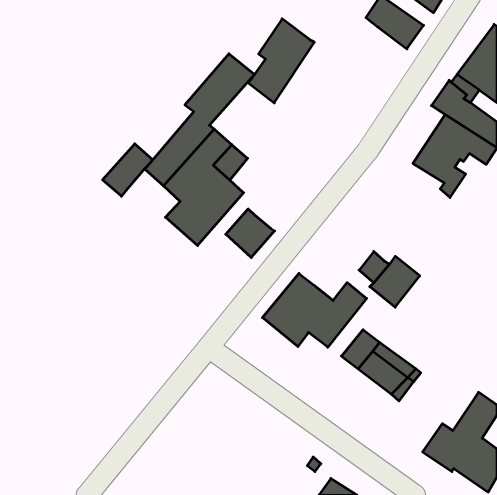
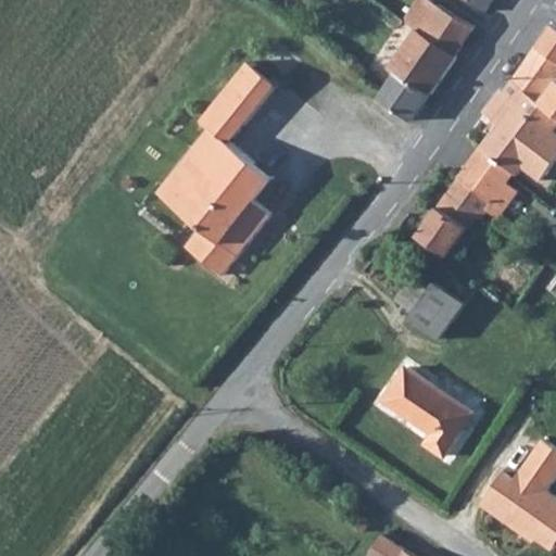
building: [248,19,314,103] -> [382,30,456,124]
building: [103,144,153,196] -> none
building: none -> [420,181,493,258]
building: [226,209,275,258] -> none
building: [262,273,367,347] -> none

